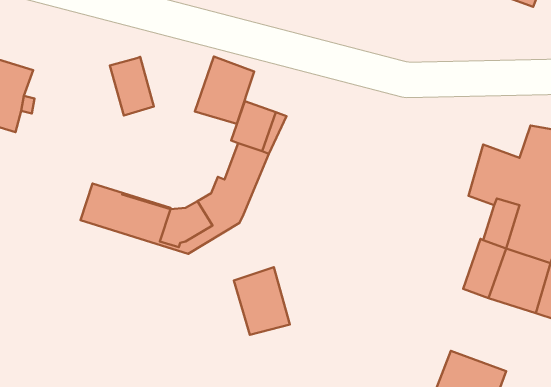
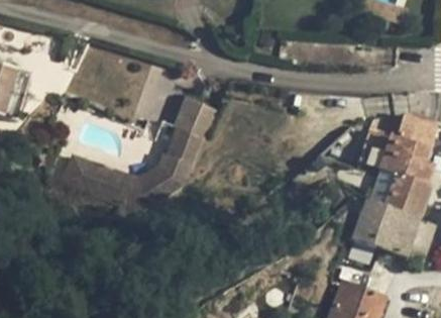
building: [195,56,254,124] -> none
building: [110,57,154,115] -> none
building: [234,267,290,335] -> none

